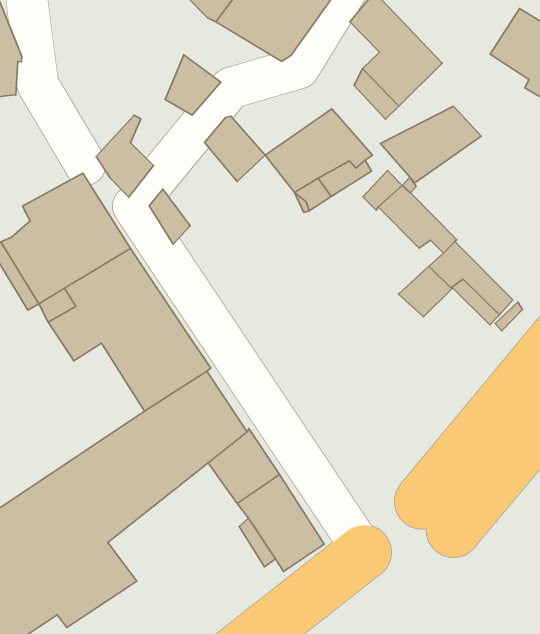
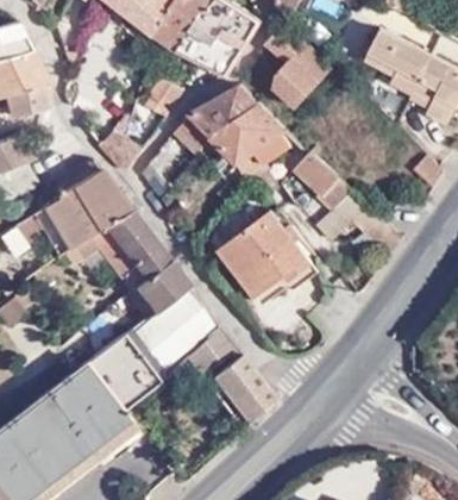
building: [380,106,481,183] -> [190,85,258,138]
building: none -> [219,211,307,296]

